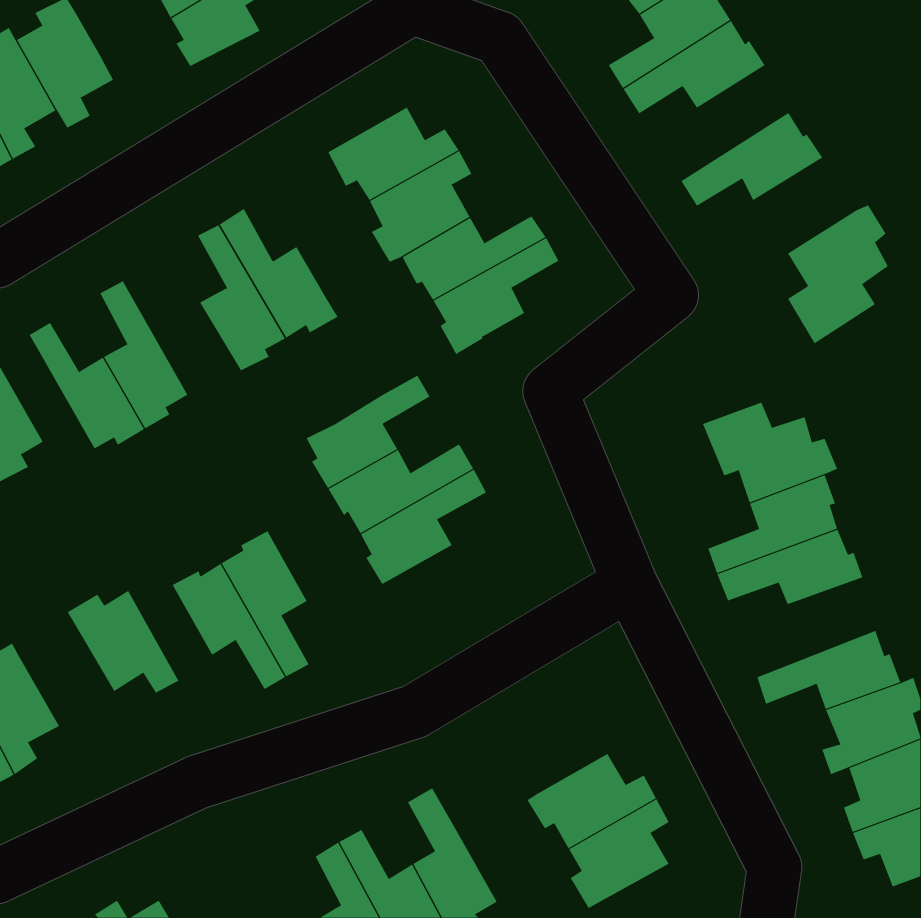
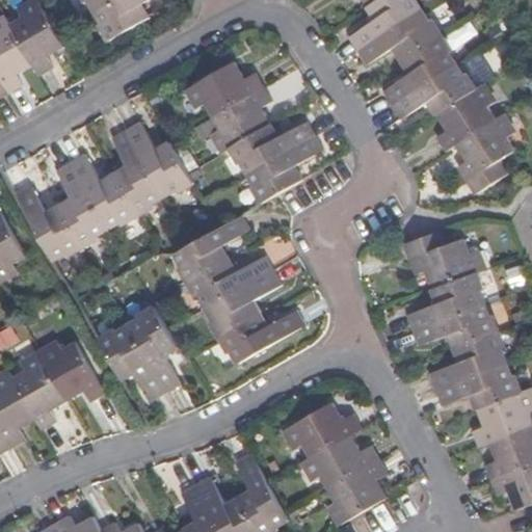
building: none -> [383,37,453,104]
building: none -> [432,86,491,152]
building: none -> [71,153,138,227]
building: none -> [219,310,303,361]
building: none -> [428,331,503,389]
building: none -> [10,351,65,427]
building: none -> [285,401,360,455]

